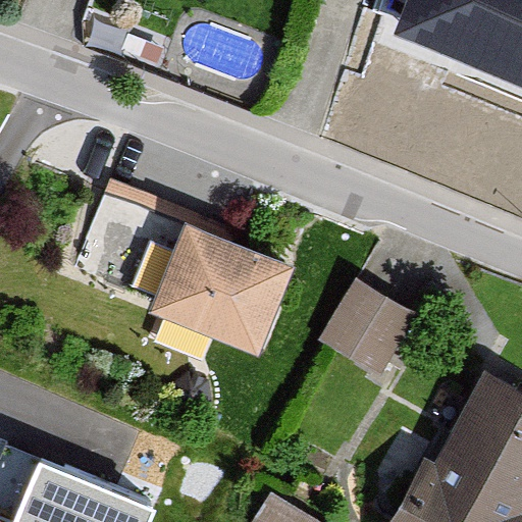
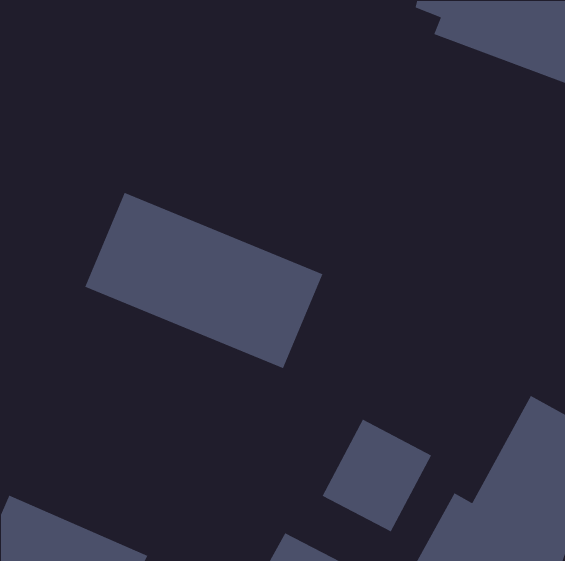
building: [313,279,415,384] -> [322,418,432,533]

